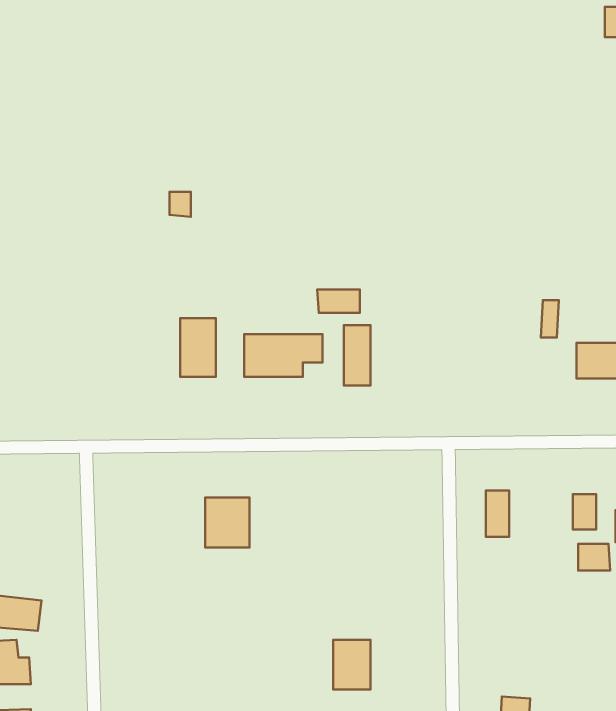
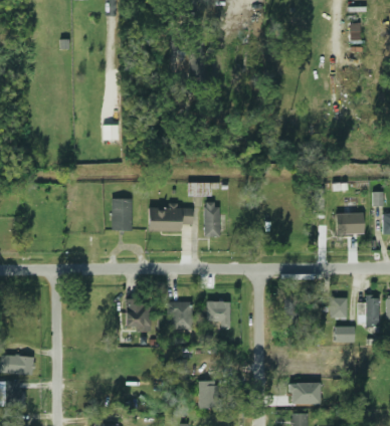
building: none -> [168,302,198,331]
building: none -> [208,303,231,328]
building: none -> [288,380,322,405]

